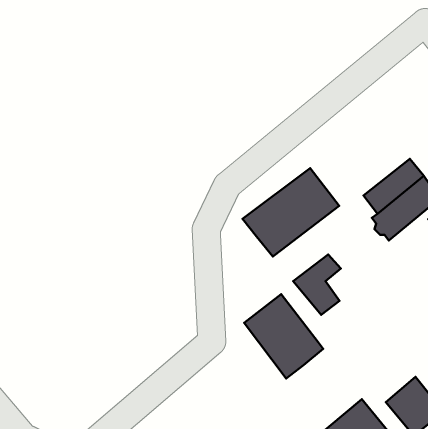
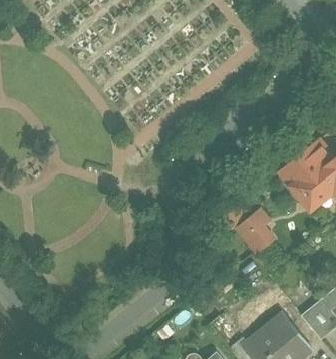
building: [243,168,339,257] -> none
building: [244,294,323,379] -> none

